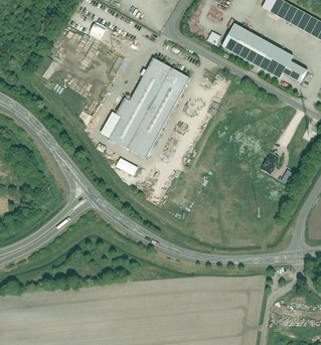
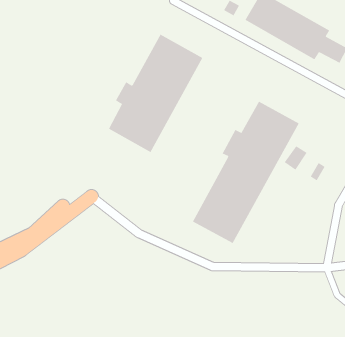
building: none -> [192,101,299,244]

